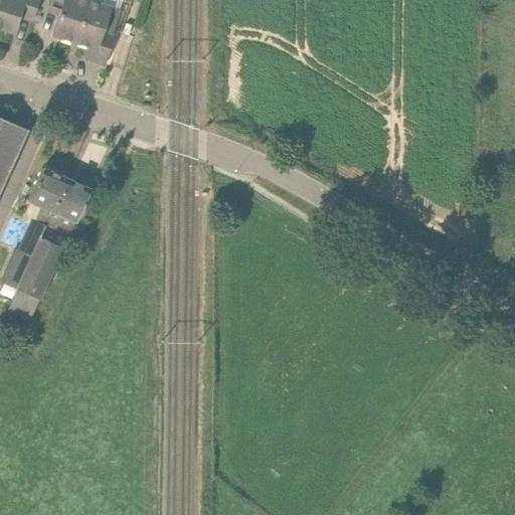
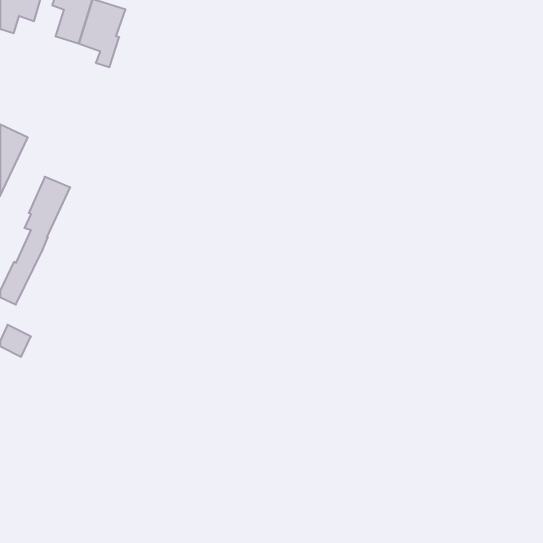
building: [45,177,91,231] -> none
building: [16,236,64,299] -> none

